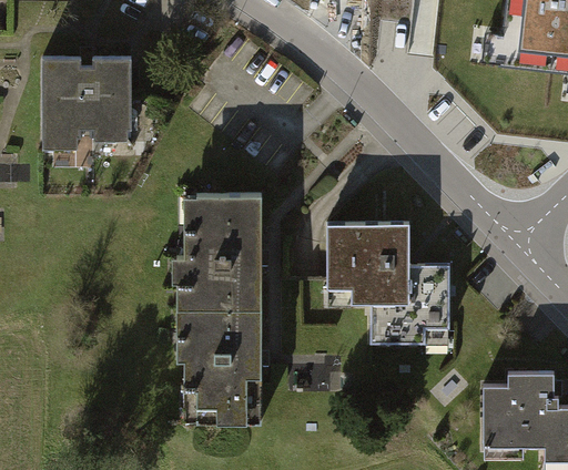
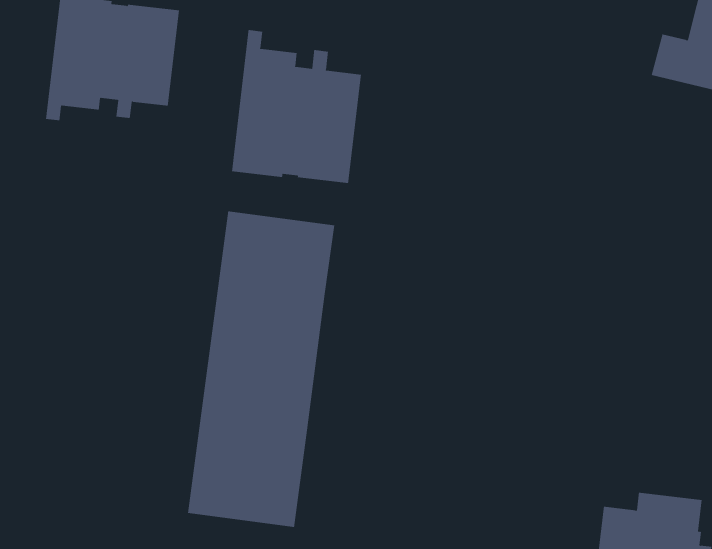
building: none -> [231,29,361,184]
building: [323,217,447,340] -> none

